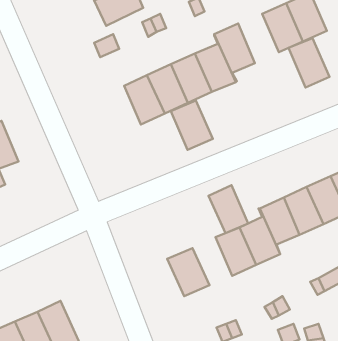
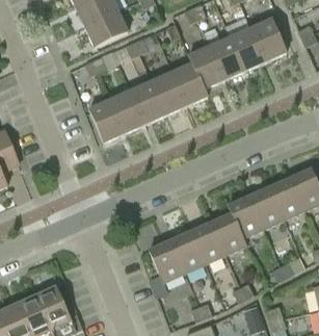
building: [289,38,329,88] -> [209,37,244,80]
building: [171,100,213,150] -> [88,100,125,143]
building: [209,185,248,233] -> [169,231,204,273]

